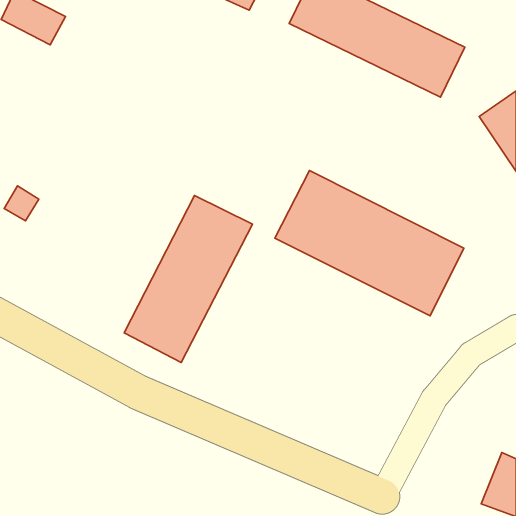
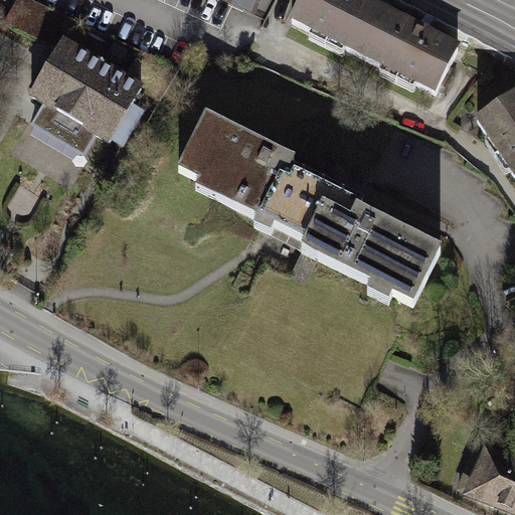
building: none -> [23,34,155,150]
building: none -> [184,111,309,220]
building: [124,195,252,362] -> none

